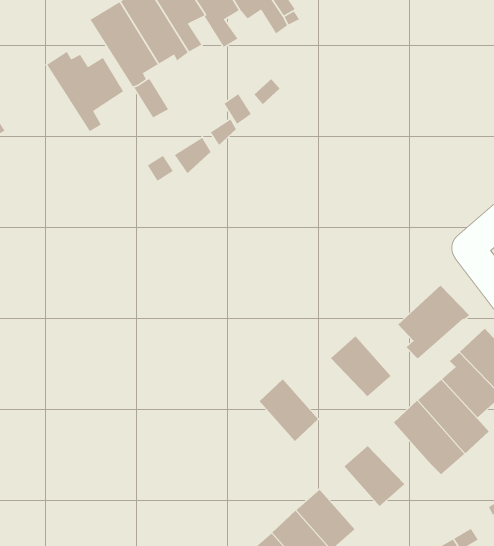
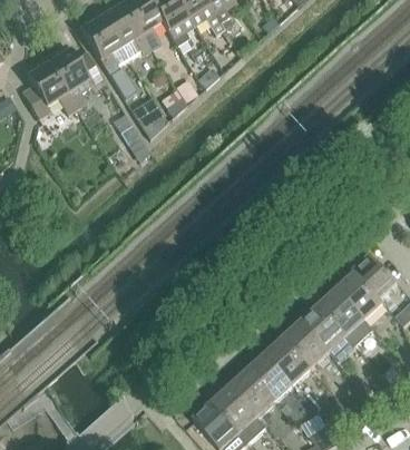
building: none -> [22,57,77,117]
building: [397,285,470,359] -> none
building: [330,336,392,397] -> [283,322,329,368]
building: [259,379,319,442] -> [247,354,292,401]

